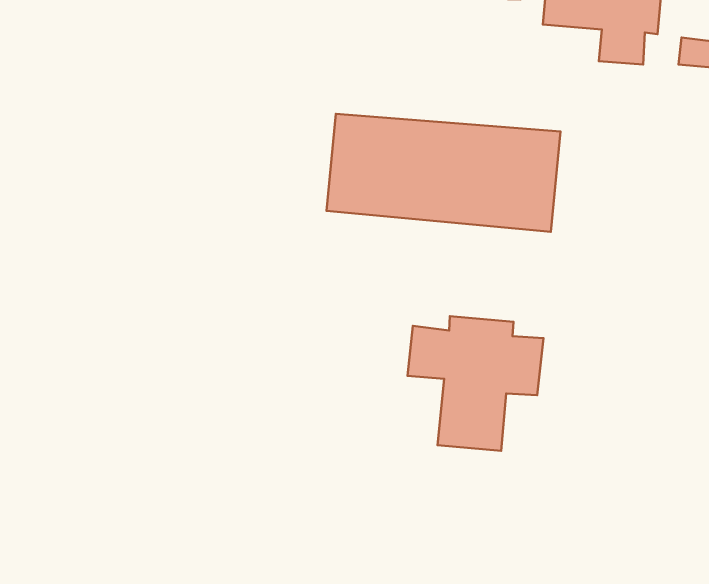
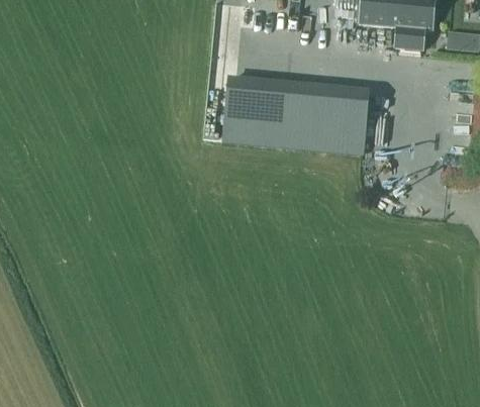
building: [408,316,544,451] -> none

